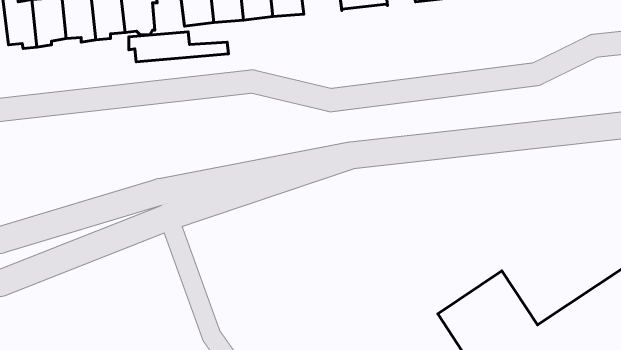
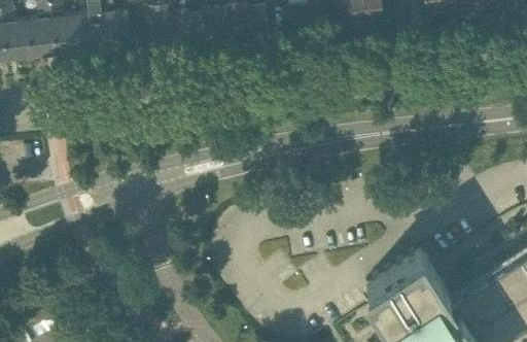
building: [129,32,228,62] -> none

